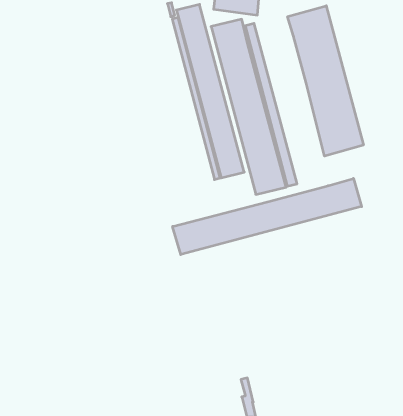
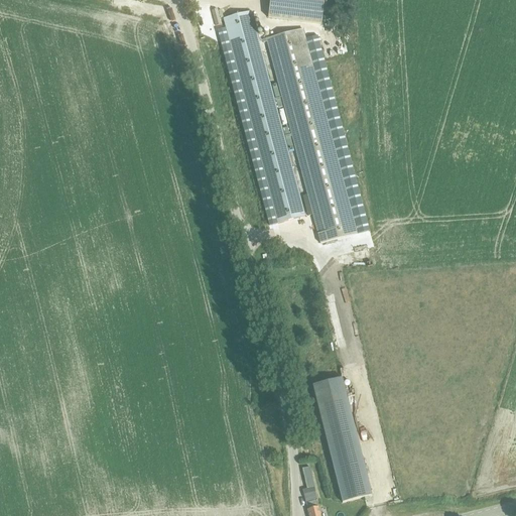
building: [288,6,363,156] -> none
building: [173,178,362,255] -> none
building: none -> [312,377,371,500]

